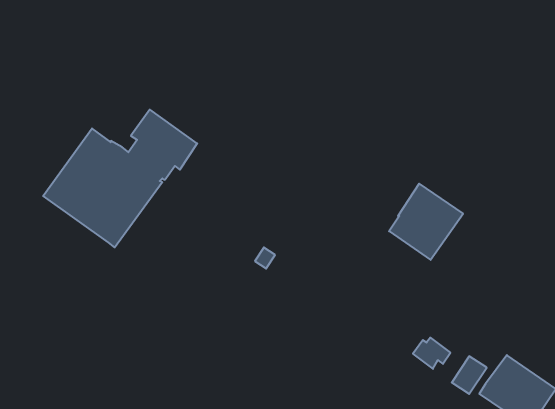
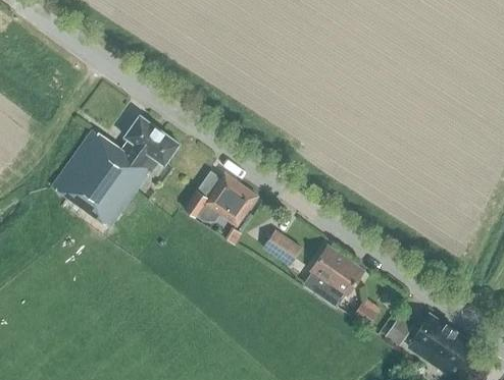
building: none -> [184,173,256,225]
building: [389,184,463,260] -> [303,245,363,307]
building: none -> [263,230,302,266]

